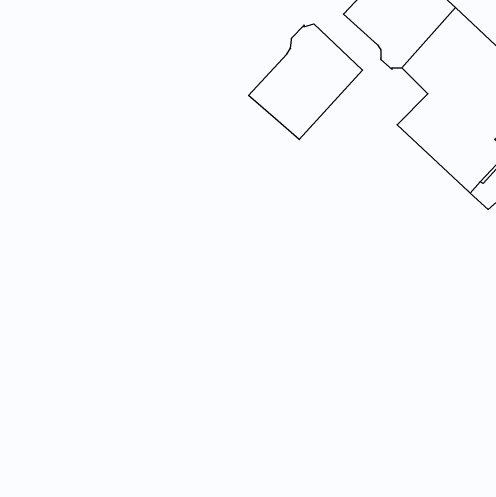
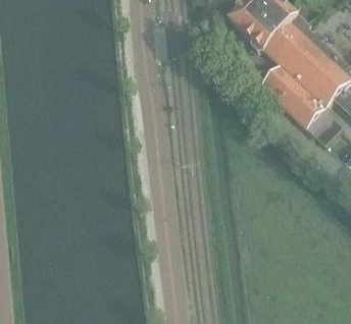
building: [249,24,363,140] -> none

